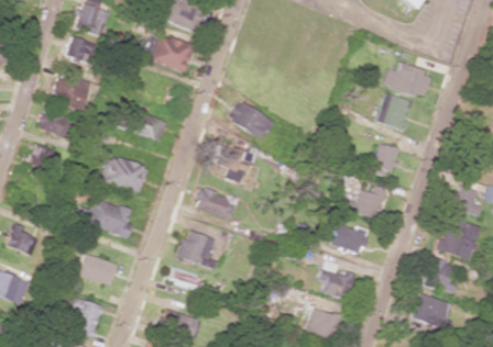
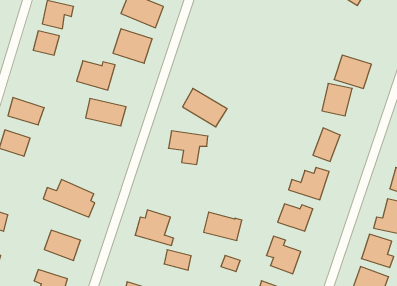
building: [51,77,92,109] -> [77,61,115,90]
building: [99,155,147,193] -> none
building: [195,188,237,219] -> [204,212,242,240]
building: [169,267,199,289] -> [164,250,191,270]

